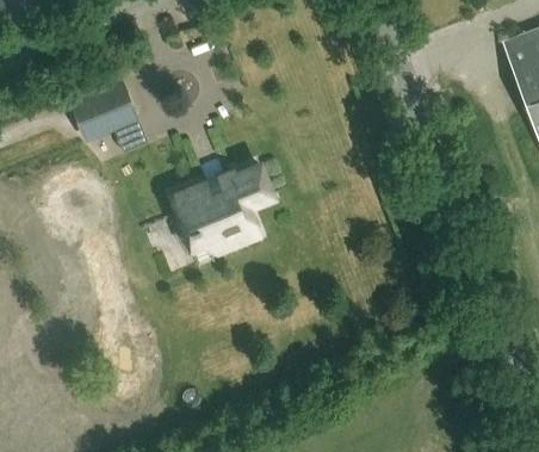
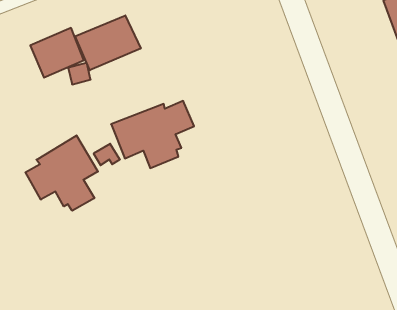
building: none -> [75,15,141,70]
building: none -> [25,135,98,211]

